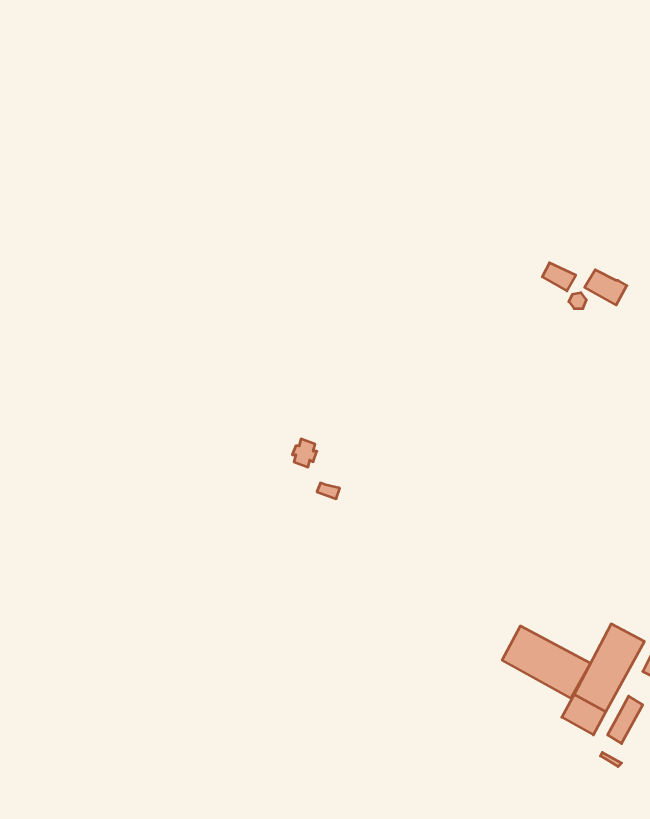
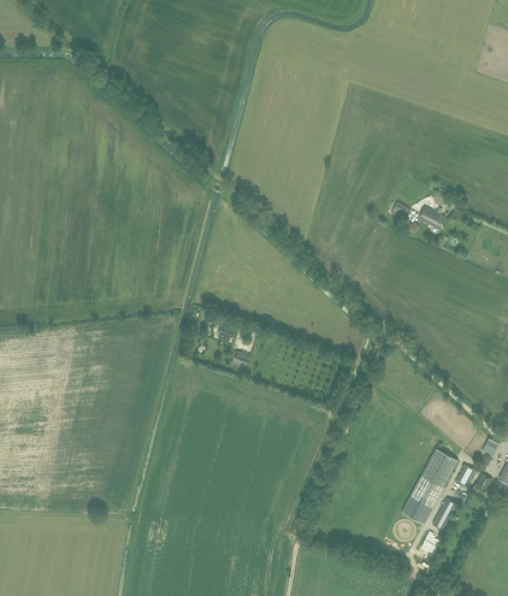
building: [502,626,590,698] -> none

